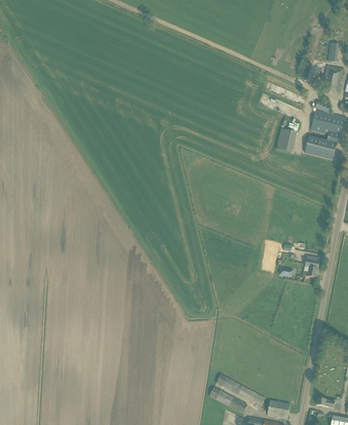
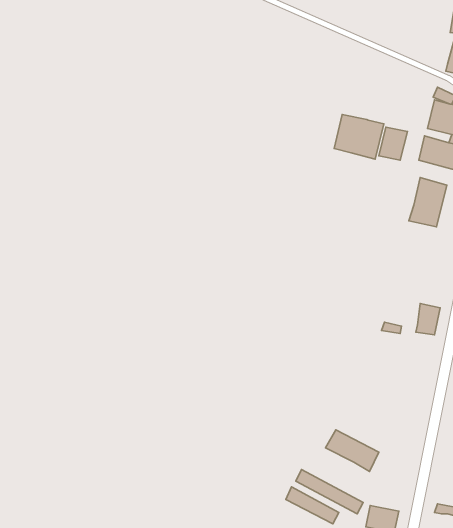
building: none -> [334,115,384,159]
building: none -> [409,178,447,227]
building: none -> [325,430,379,471]

